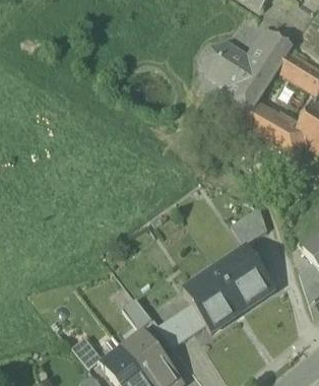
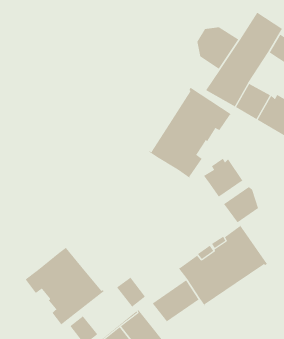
building: none -> [148,87,232,179]
building: none -> [203,158,243,198]
building: none -> [24,245,105,326]

